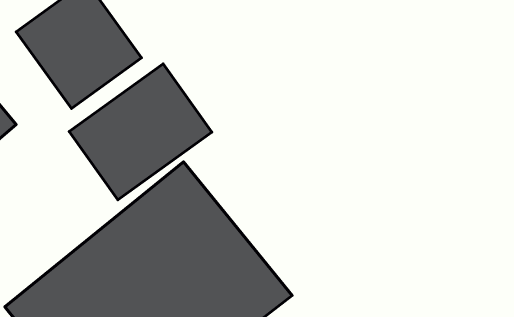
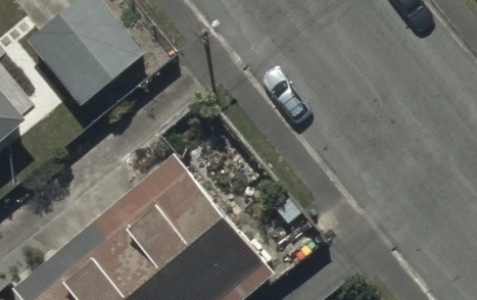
building: [69,64,212,200] -> none

